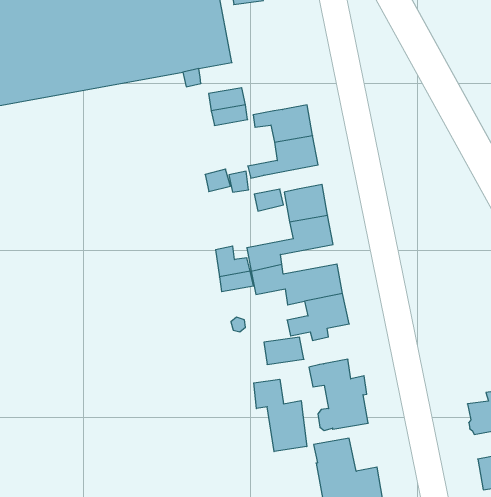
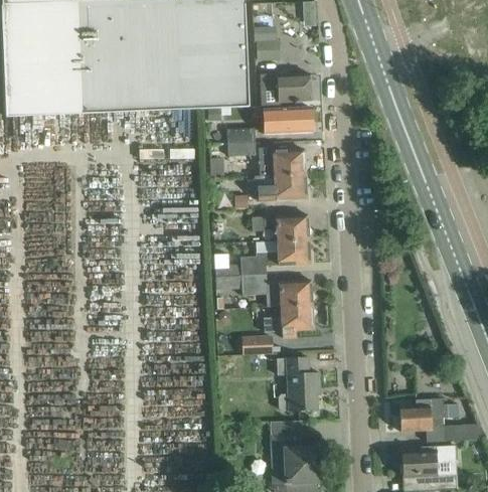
building: none -> [260,73,310,103]
building: none -> [263,107,311,134]
building: [254,379,307,452] -> none

